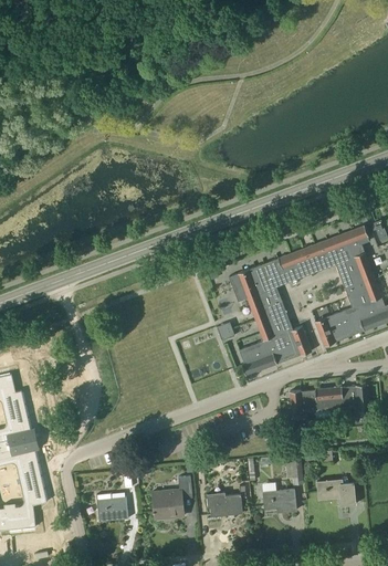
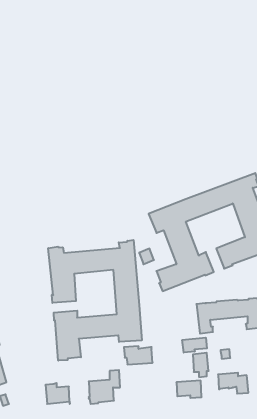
building: none -> [48,240,142,361]
building: none -> [182,338,207,353]
building: [206,493,242,516] -> [124,346,153,364]

